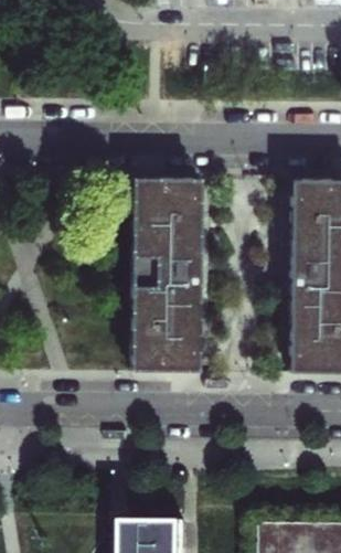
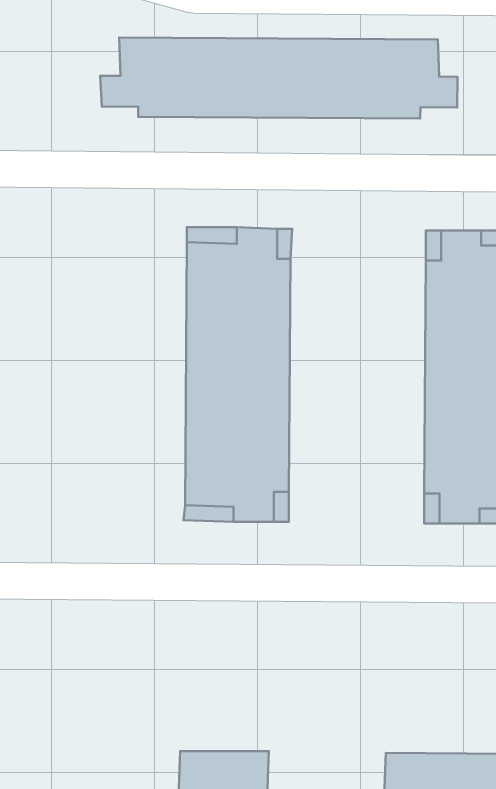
building: none -> [100,38,458,119]

